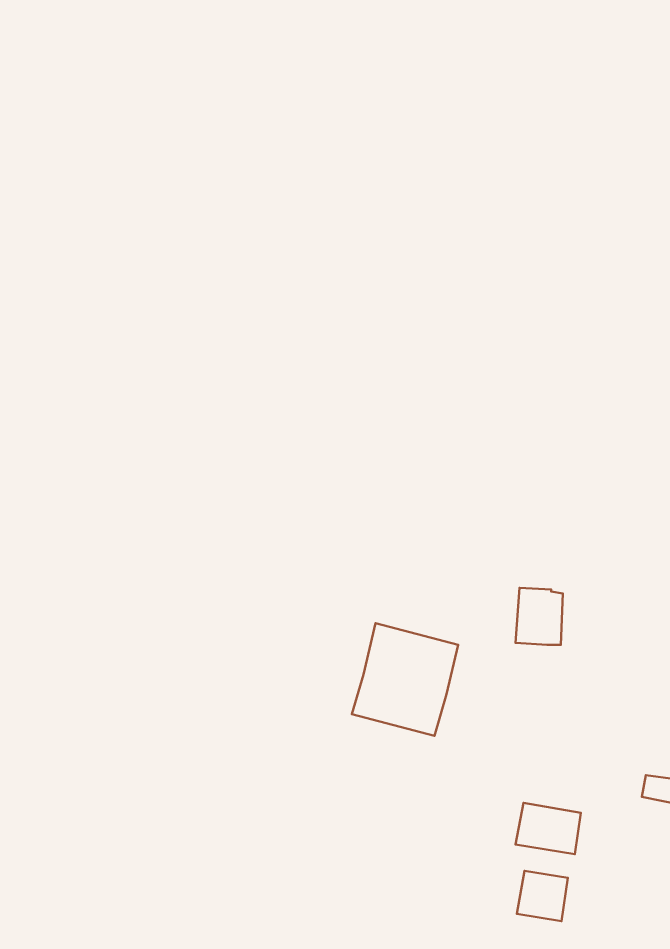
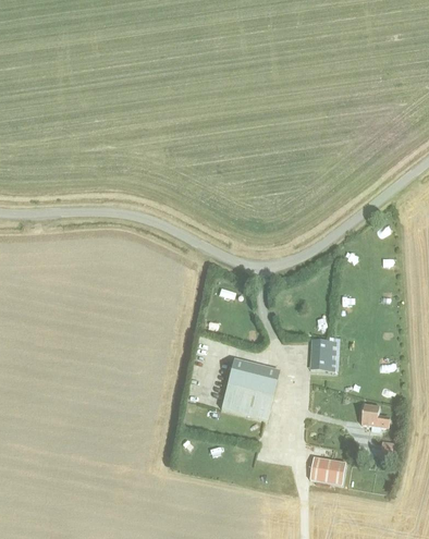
building: none -> [360,404,389,430]
building: [517,871,568,921] -> none

